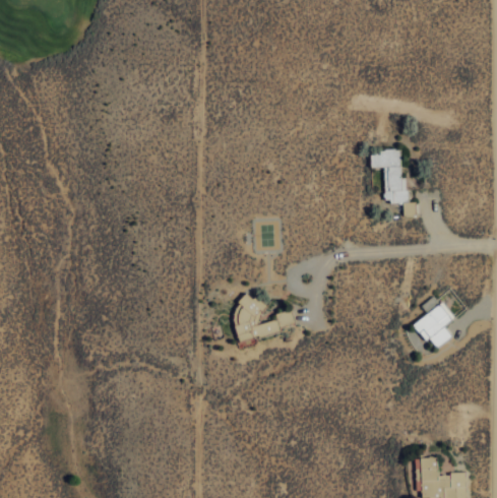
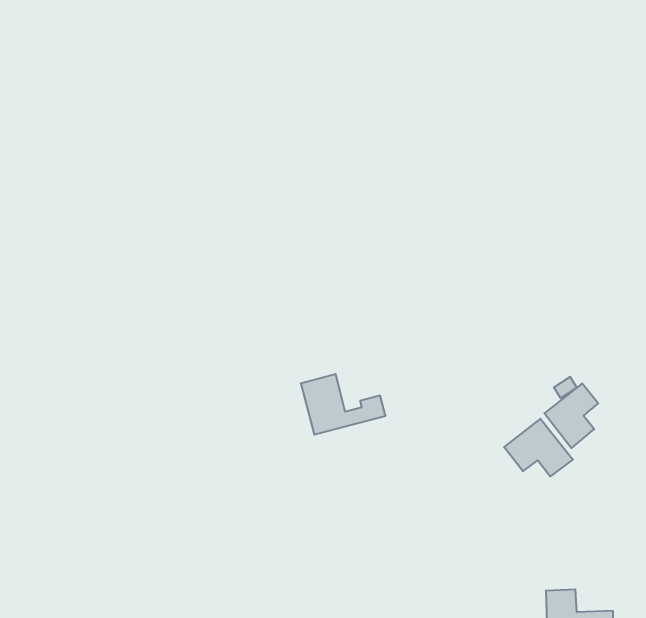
building: [370,151,415,216] -> none
building: none -> [504,419,573,476]

